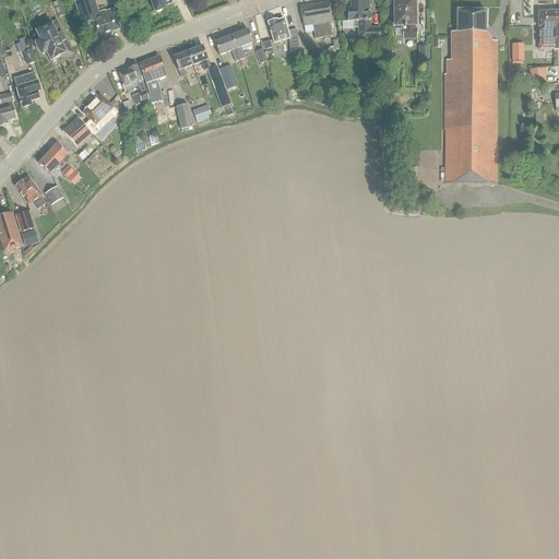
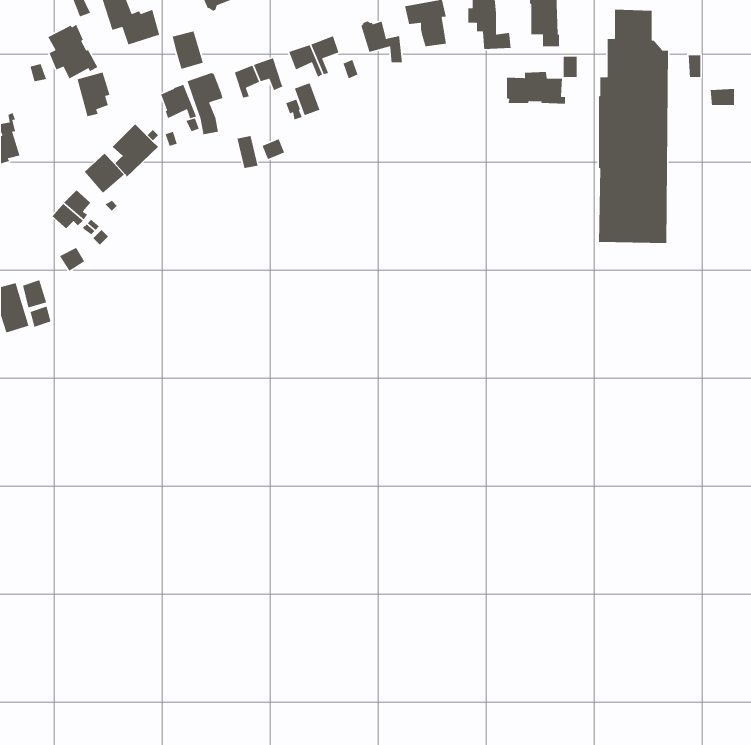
building: [538,8,554,46] -> none
building: none -> [172,31,204,70]
building: none -> [506,71,566,104]
building: [14,70,39,104] -> [77,72,110,117]
building: [15,174,46,206] -> none

